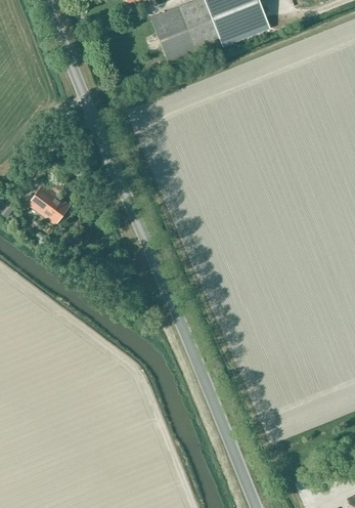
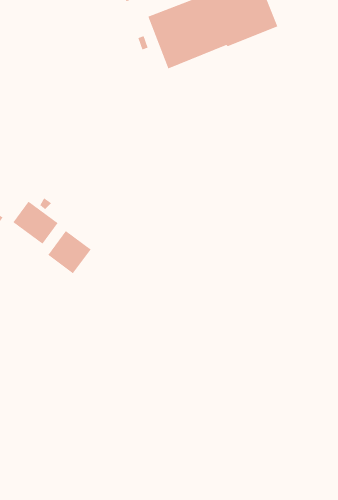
building: none -> [47,230,92,274]

